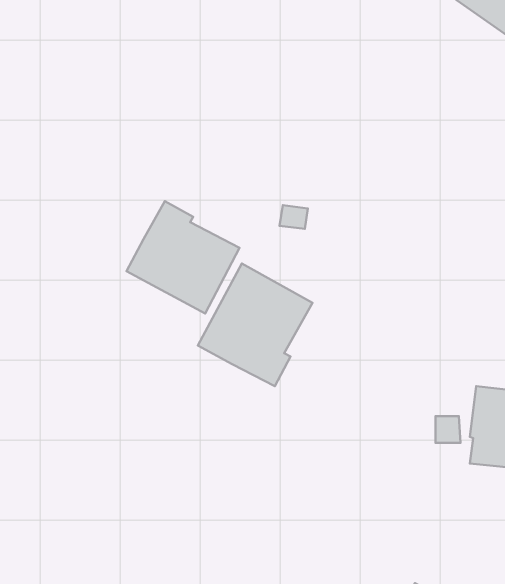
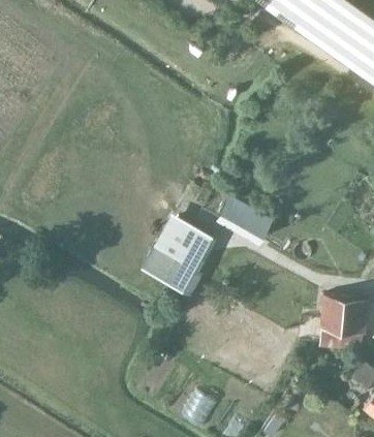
building: [127,201,239,313] -> none
building: none -> [217,196,272,244]

